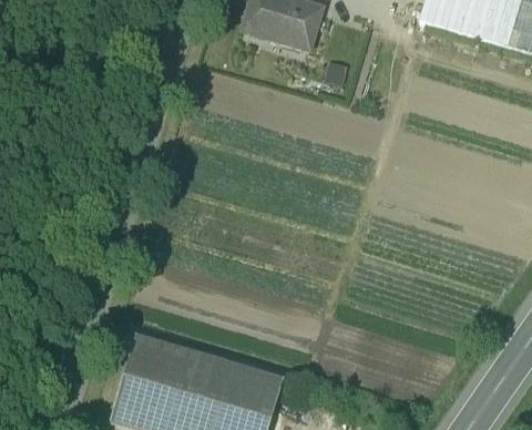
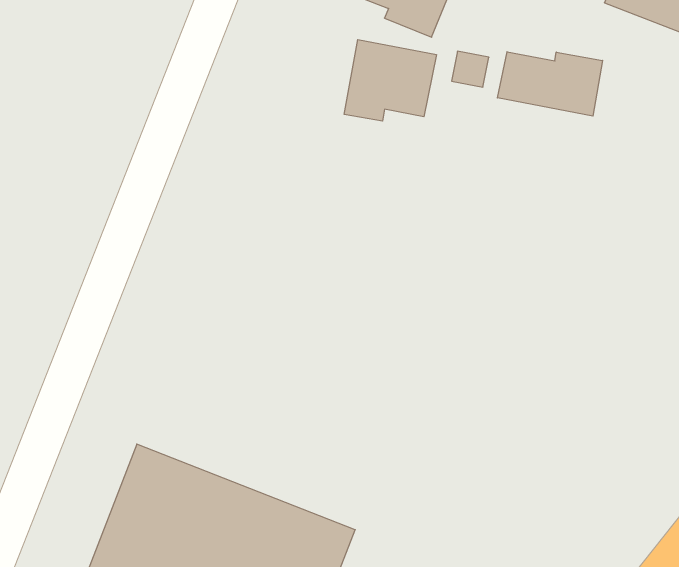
building: none -> [497,52,603,116]
building: none -> [344,40,436,121]

